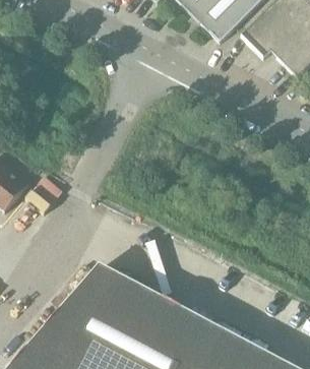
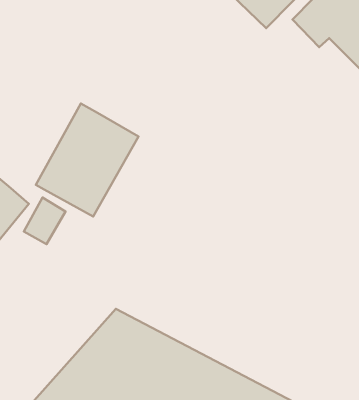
building: none -> [36,104,138,217]

